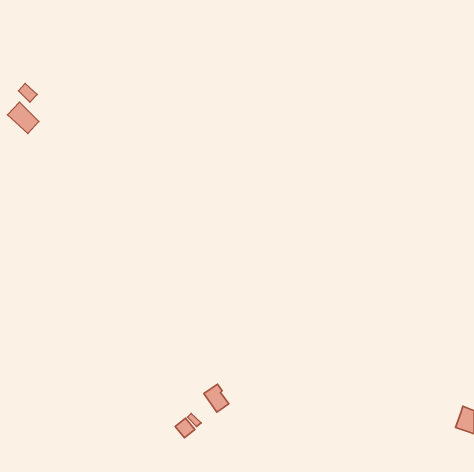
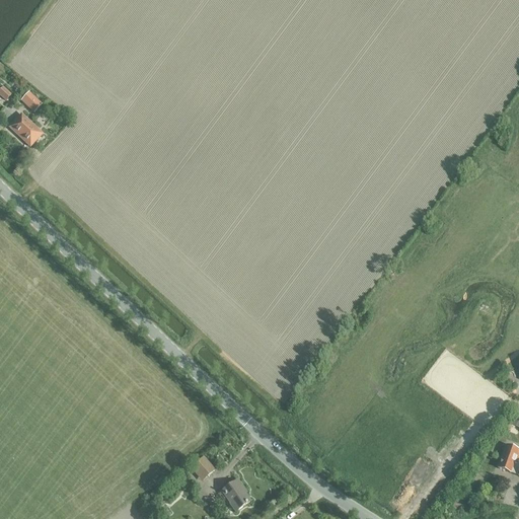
building: [204,384,229,412] -> [222,479,249,510]

